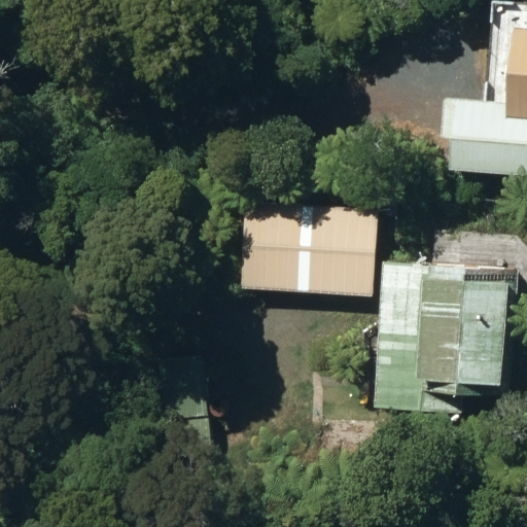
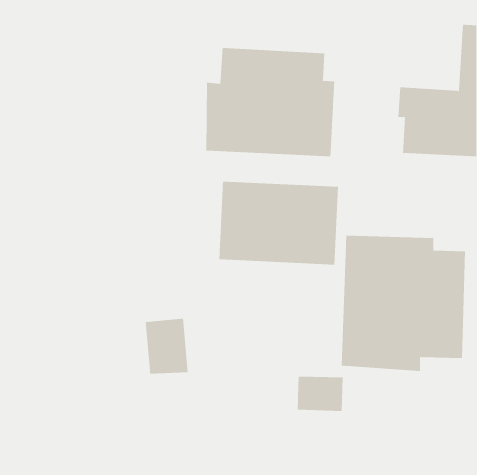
building: none -> [206,47,335,157]

